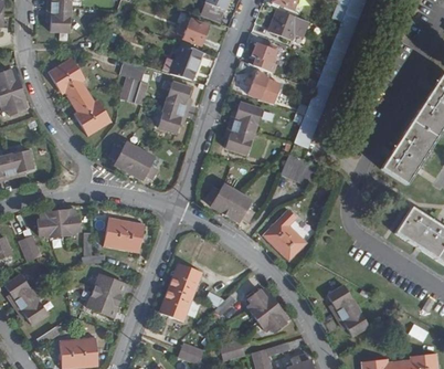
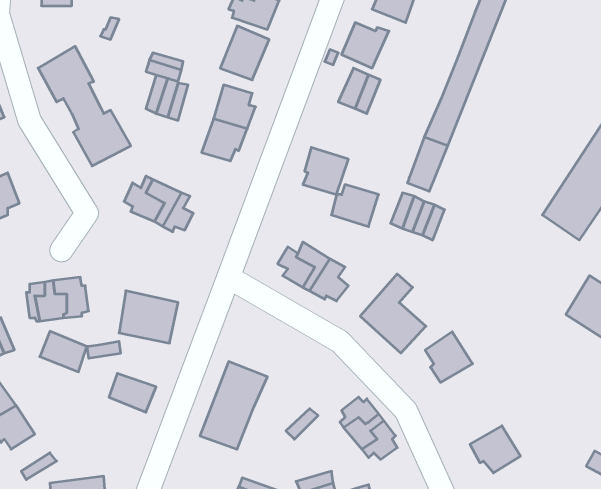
building: [230,103,261,130] -> [331,185,379,227]
building: [324,284,355,317] -> [425,332,473,382]
building: [91,286,121,313] -> [40,331,87,372]

